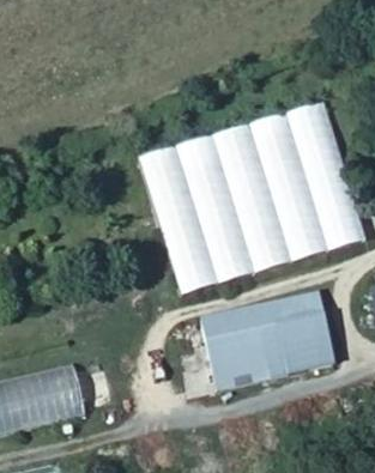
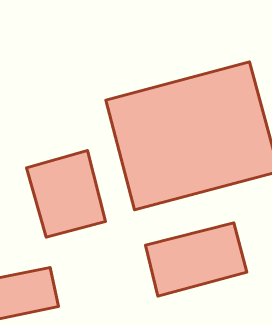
building: none -> [27,151,105,237]

